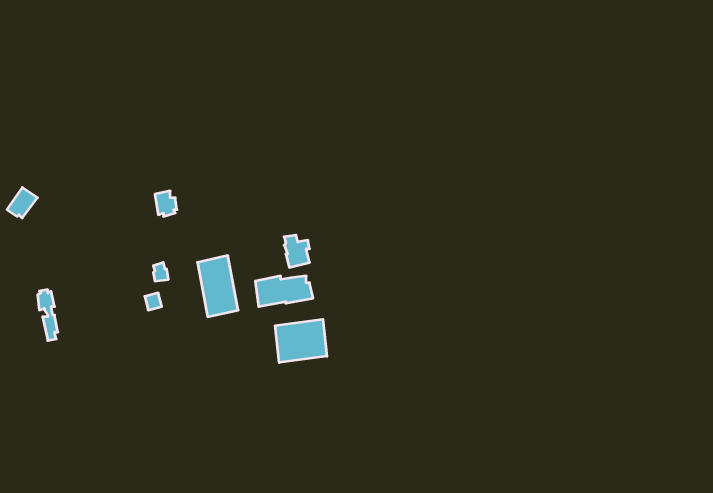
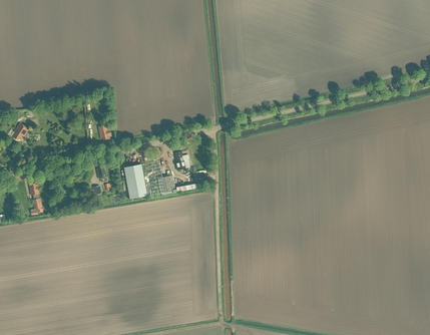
building: [275,319,327,363] -> none

